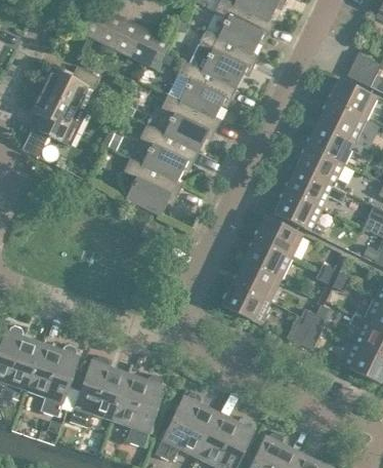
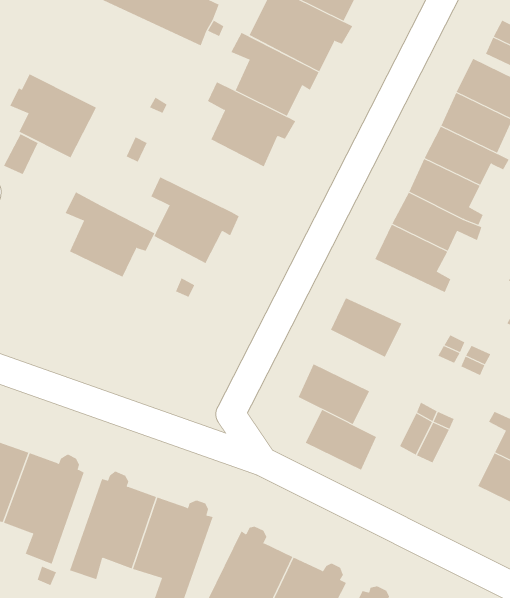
building: [42,66,99,107] -> none
building: [138,124,199,182] -> [65,192,155,277]
building: [253,216,302,257] -> none
building: [231,261,280,302] -> [305,409,377,471]

